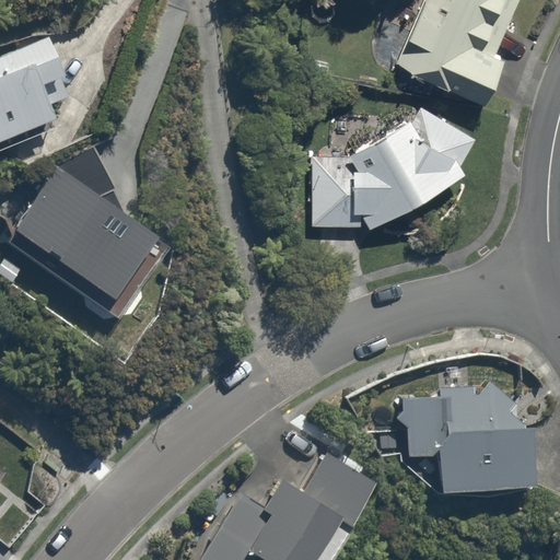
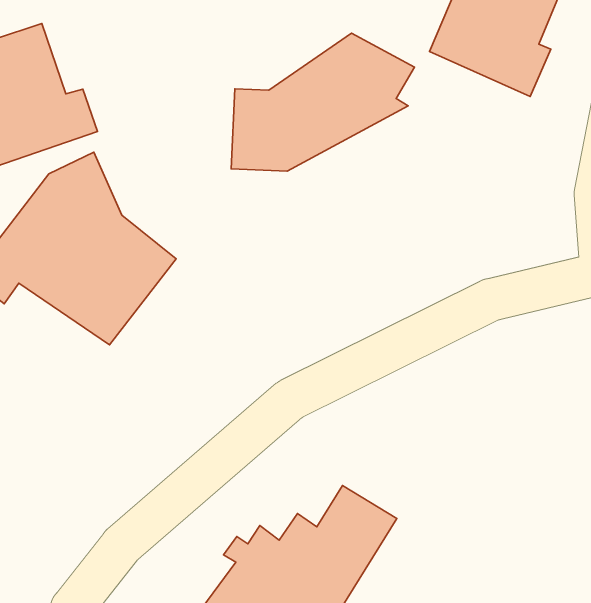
building: [314,105,479,230] -> [231,33,414,171]
building: [397,384,528,494] -> none

